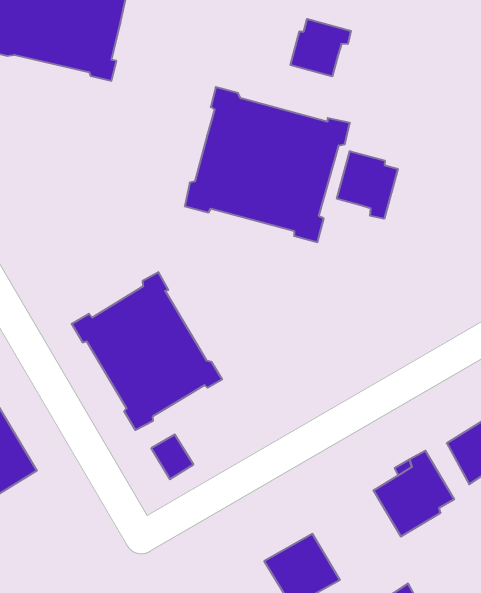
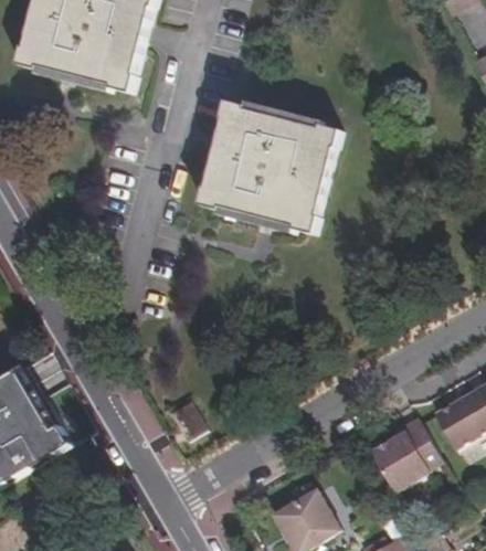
building: [290,19,351,76] -> none
building: [337,151,398,219] -> none
building: [72,272,222,430] -> none

